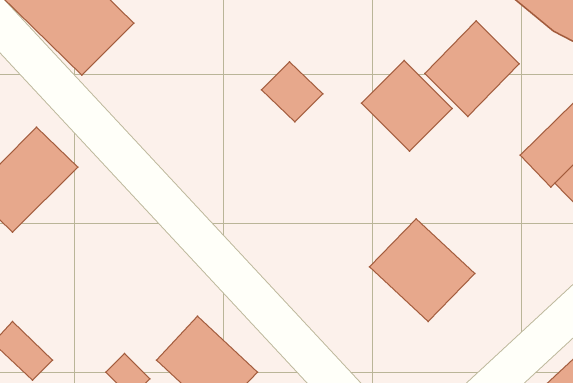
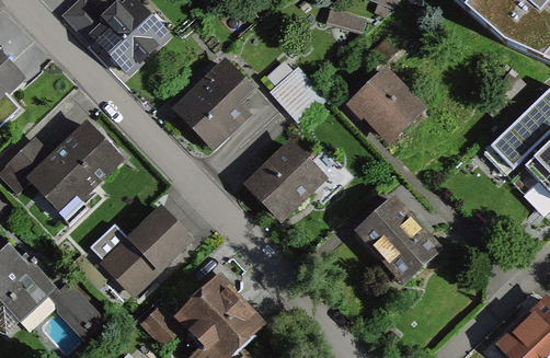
building: [425,21,519,116] -> none
building: none -> [175,60,261,147]
building: none -> [247,139,329,221]
building: none -> [102,205,192,293]

